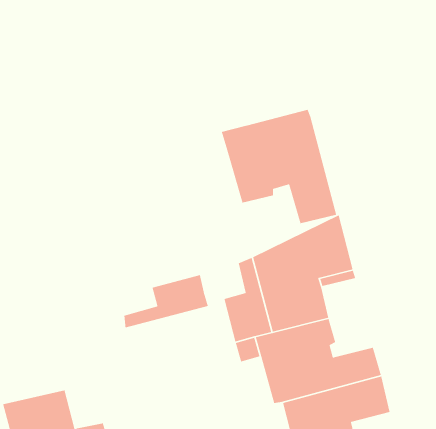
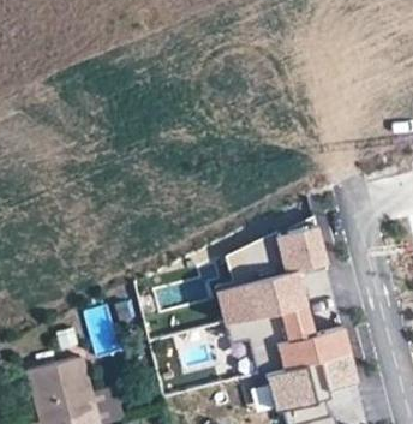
building: [221,109,337,224] -> none
building: [124,274,209,329] -> none

